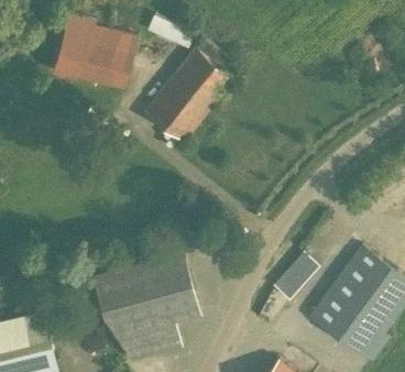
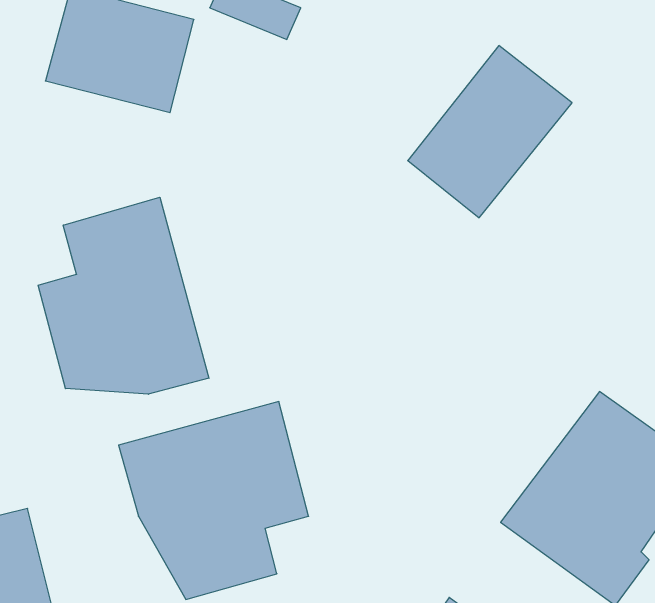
building: [142,48,233,144] -> [408,46,572,218]
building: none -> [38,197,209,394]
building: [271,254,317,302] -> none

